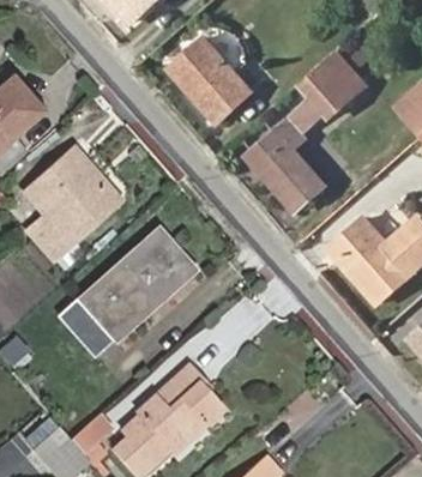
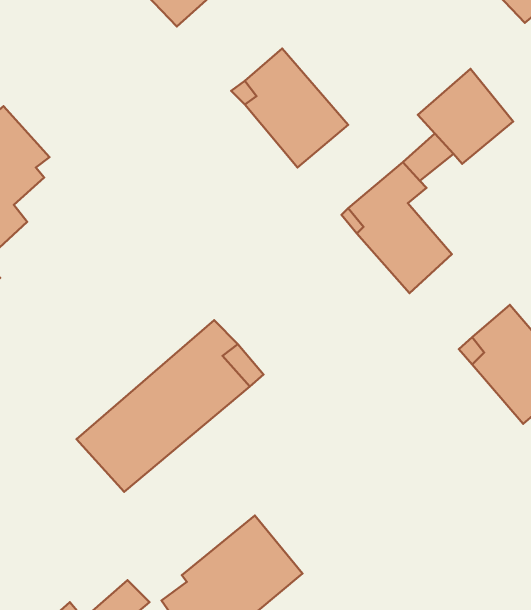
building: [24,150,116,258] -> none

